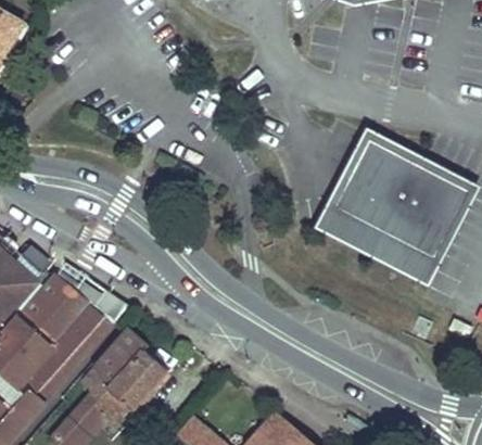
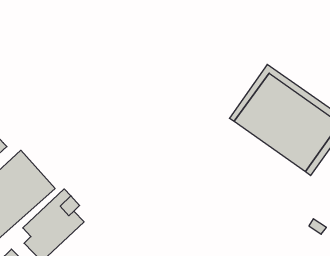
building: [313,203,441,287] -> none

